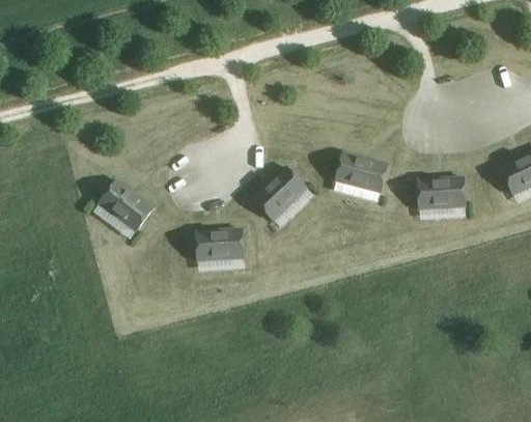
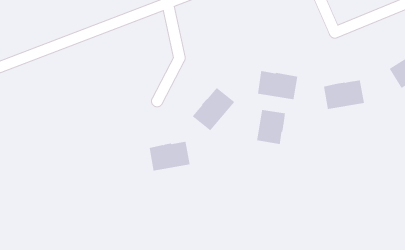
building: [100,181,155,232] -> none
building: none -> [257,109,286,145]

